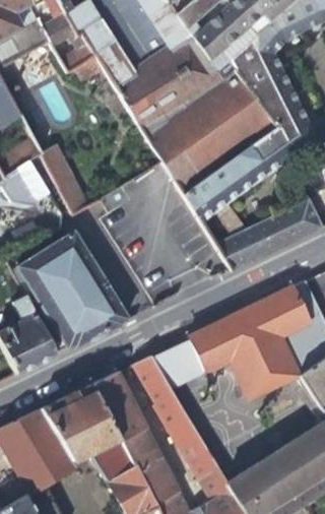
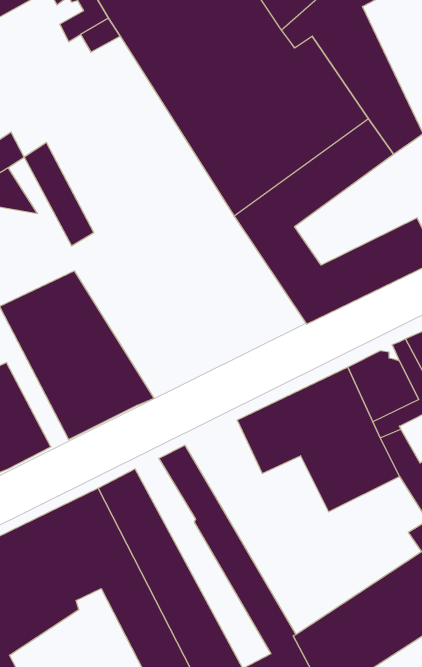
building: [151,336,204,388] -> none

